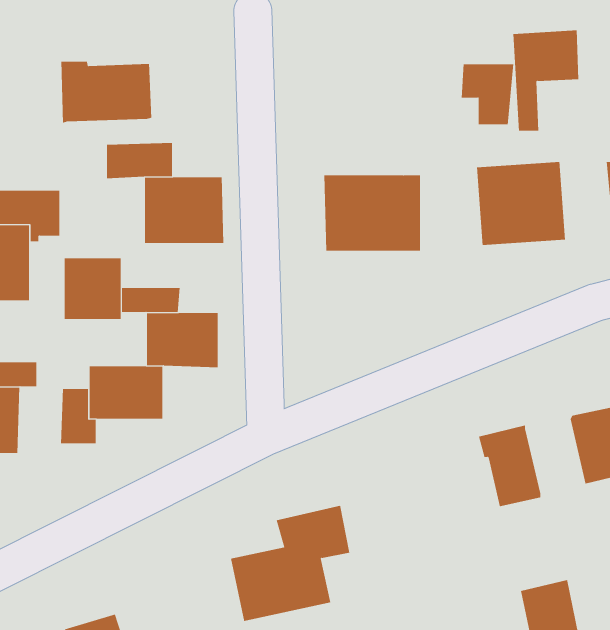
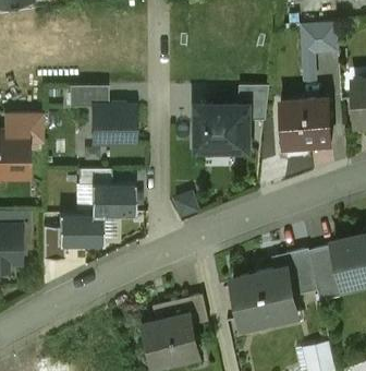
building: [61,61,152,123] -> none
building: [461,64,514,125] -> [239,86,269,121]
building: [64,258,121,320] -> none
building: none -> [308,246,342,288]
building: none -> [232,267,295,326]

